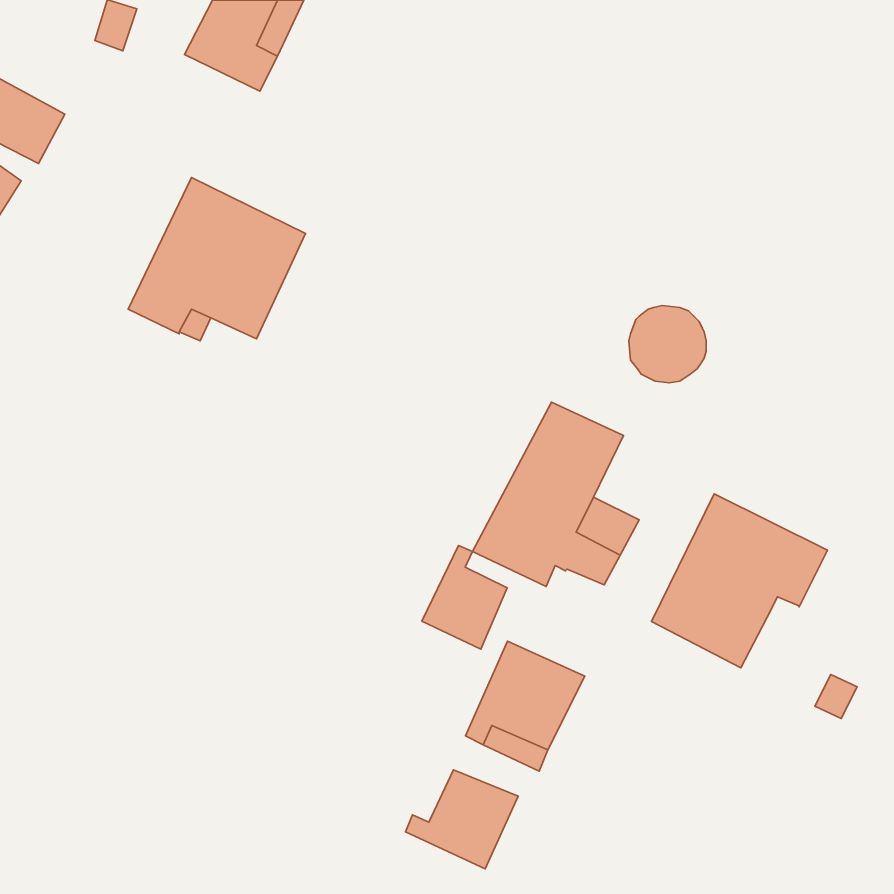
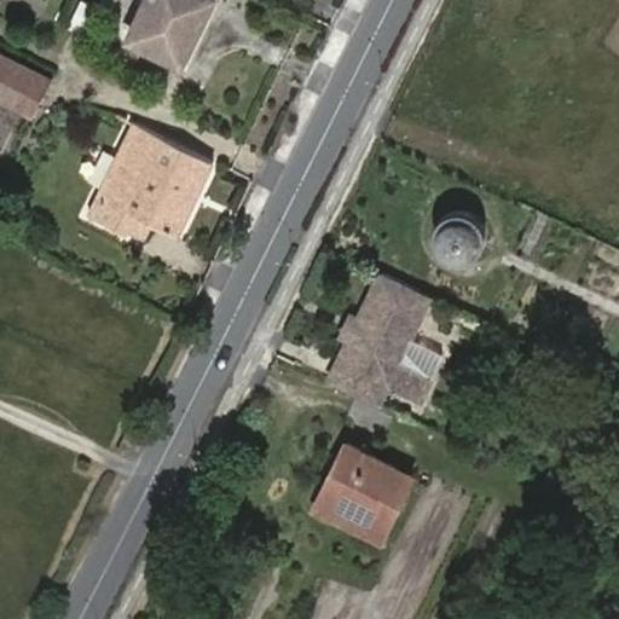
building: [652,494,827,668] -> none
building: [422,546,507,649] -> none
building: [405,770,518,869] -> none

